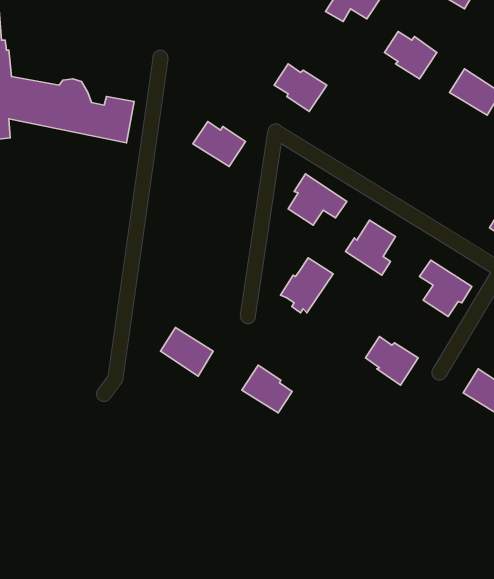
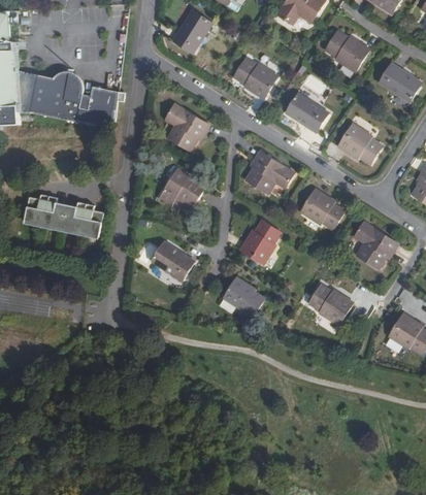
building: none -> [175,13,215,56]
building: none -> [285,93,327,132]
building: none -> [337,124,381,163]
building: none -> [158,168,203,210]
building: none -> [25,198,100,238]
building: [161,327,213,376] -> [151,242,194,283]
building: [242,365,292,413] -> [222,275,263,315]

